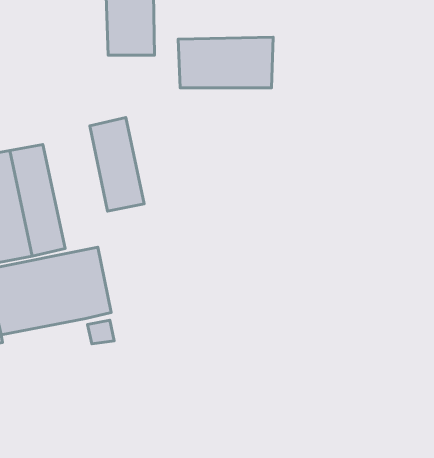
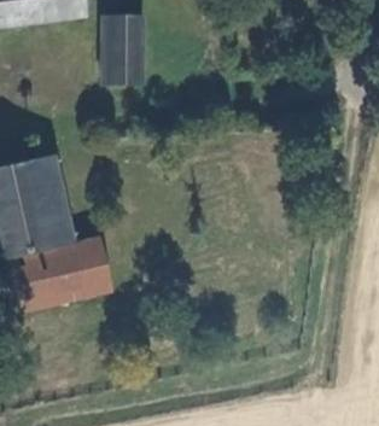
building: [178,37,273,88] -> none
building: [90,118,144,211] -> none

